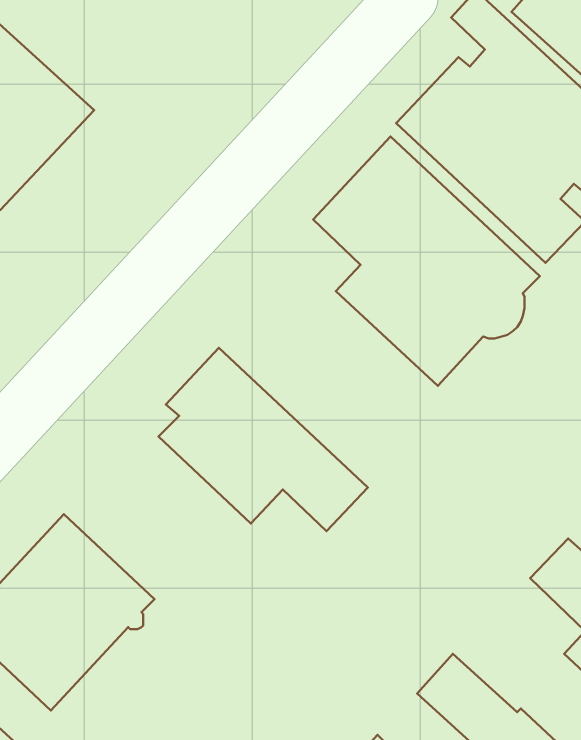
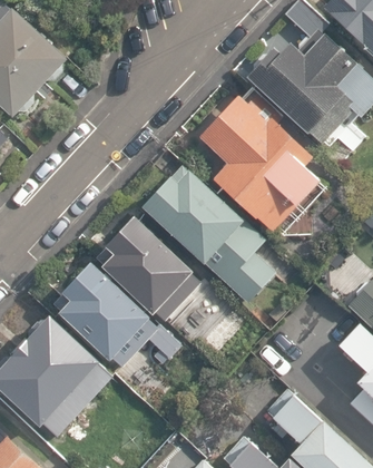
building: none -> [140,155,285,302]
building: none -> [62,256,183,369]

